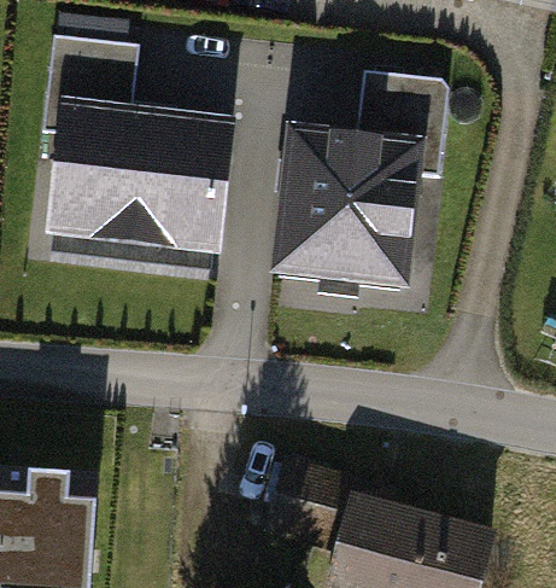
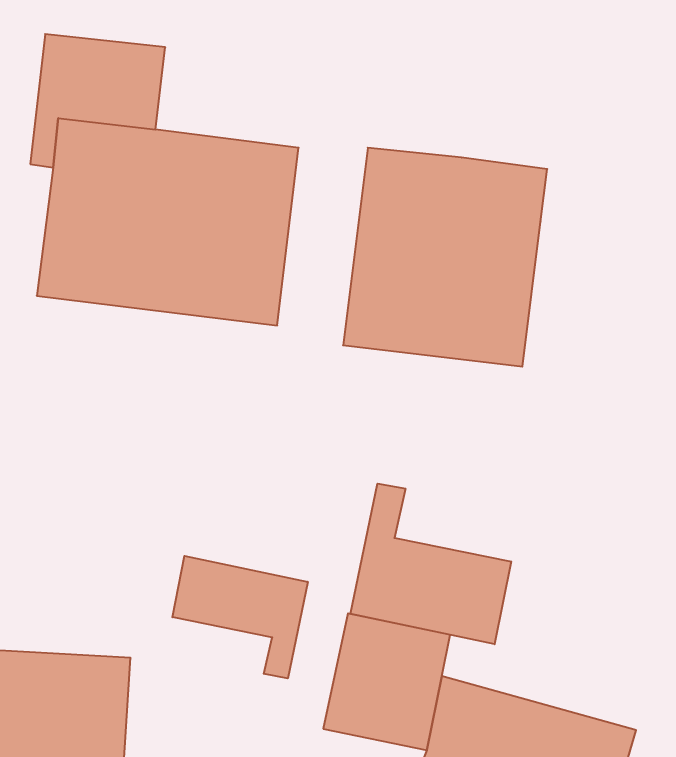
building: [357,75,450,177] -> none
building: none -> [351,484,511,644]
building: none -> [172,556,308,678]

